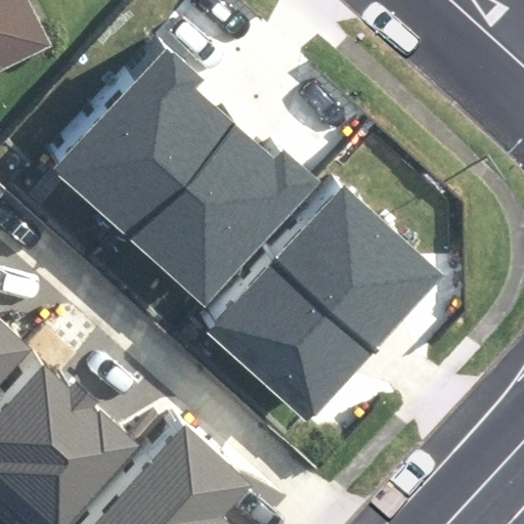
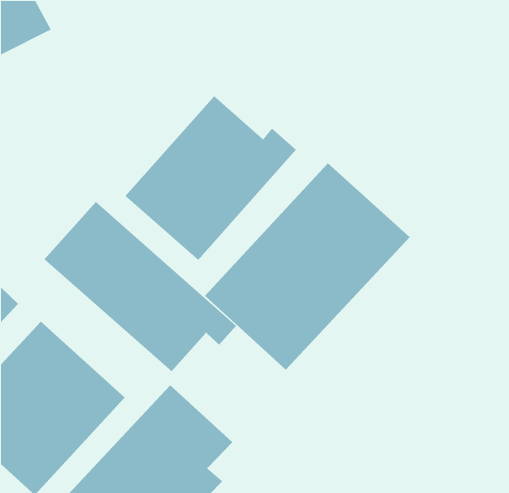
building: [55,40,220,218] -> none
building: none -> [44,201,237,372]

